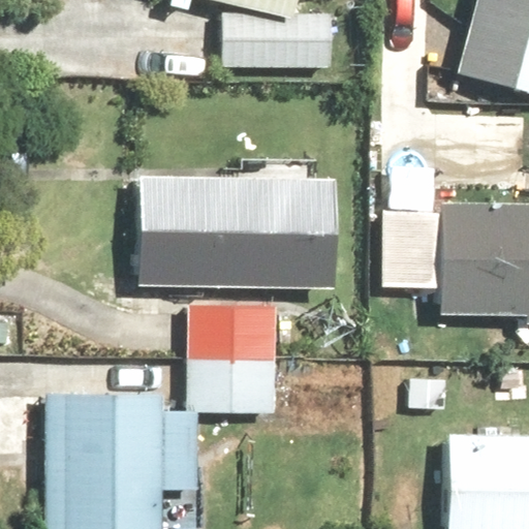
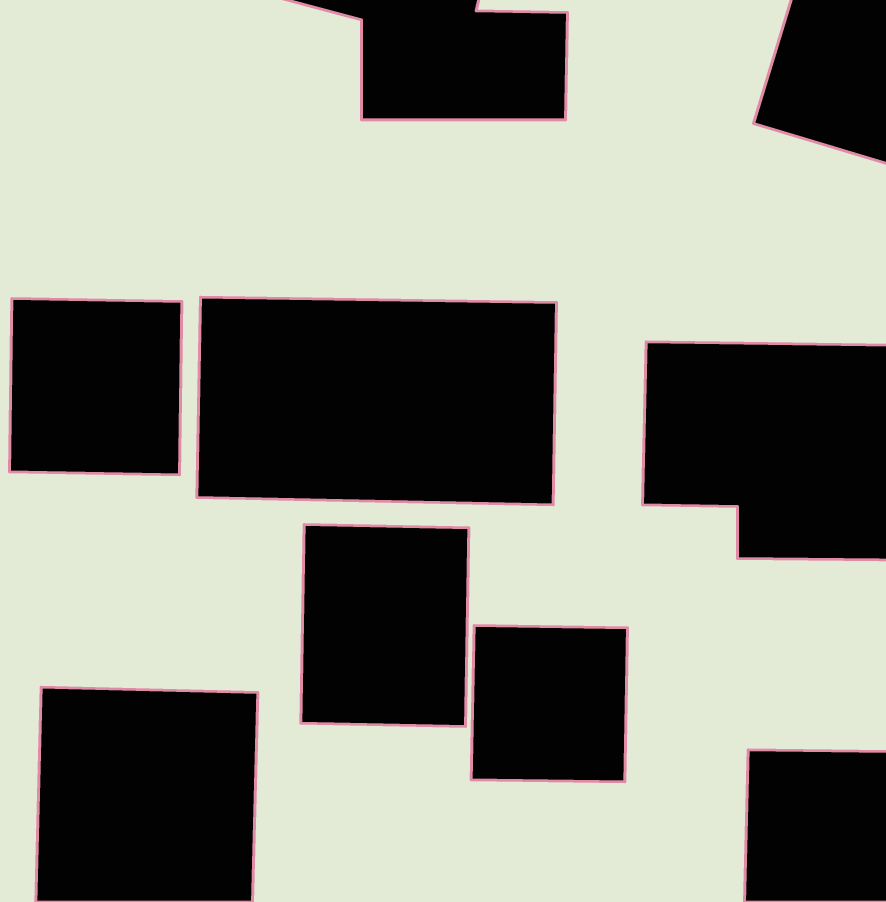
building: none -> [9,299,182,475]
building: none -> [471,625,628,782]

